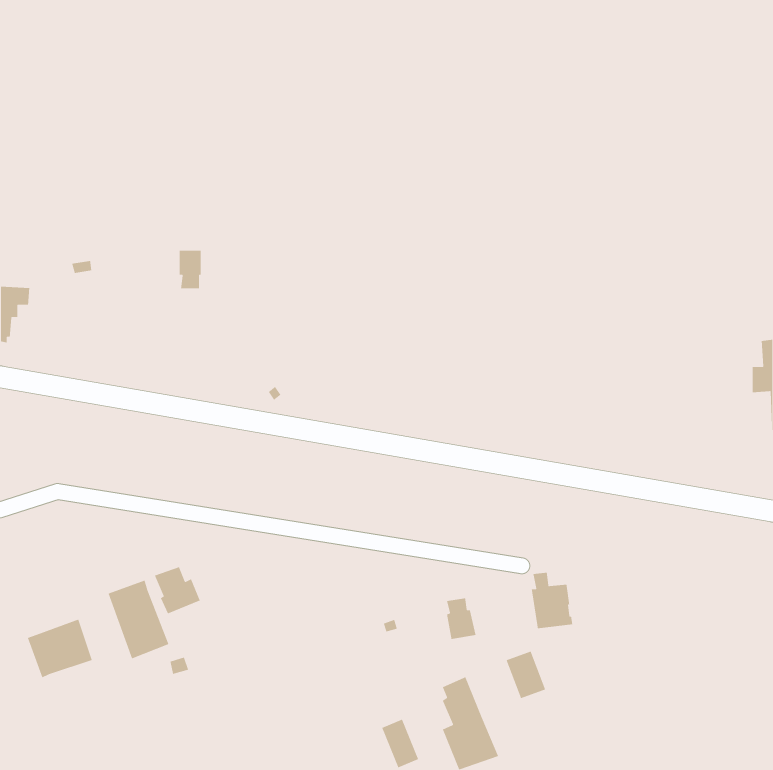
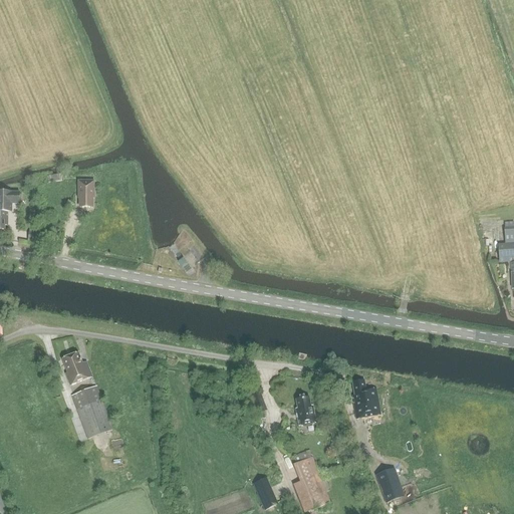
building: [179,250,202,289] -> [78,180,93,206]
building: [154,566,201,614] -> [61,351,92,383]
building: [27,618,93,679] -> none
building: [505,651,546,699] -> [376,468,404,500]

